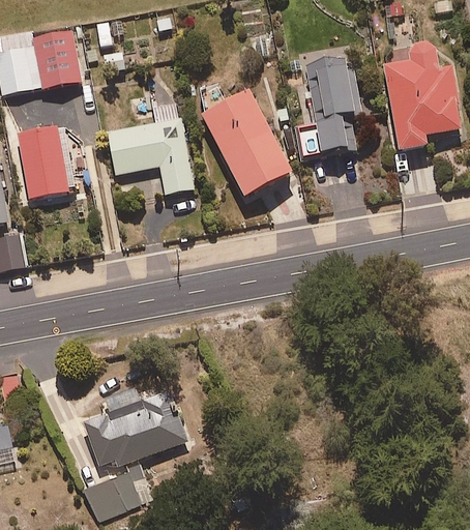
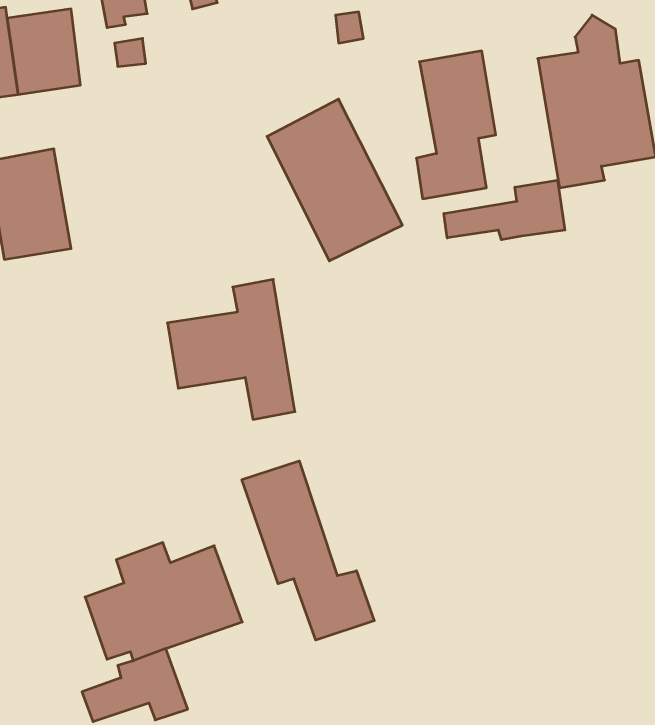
building: [108,100,193,194] -> [167,279,295,419]
building: none -> [444,180,565,240]
building: none -> [242,461,374,640]

